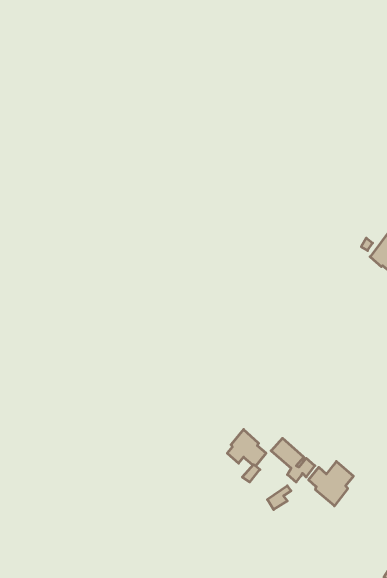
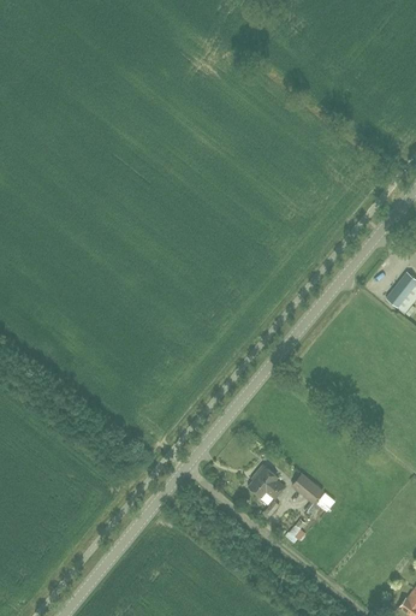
building: [309,461,353,506] -> none

